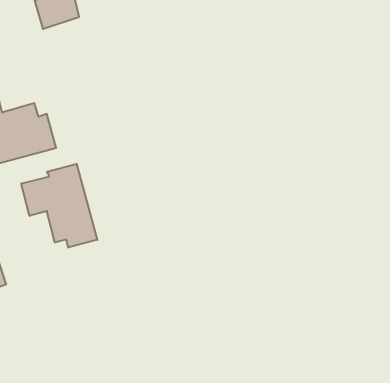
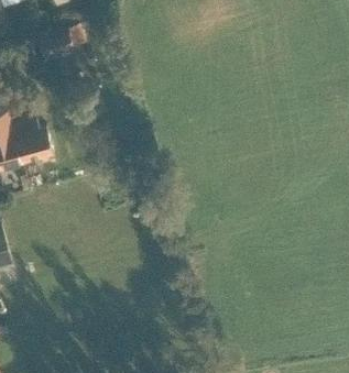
building: [21,164,97,248] -> none

